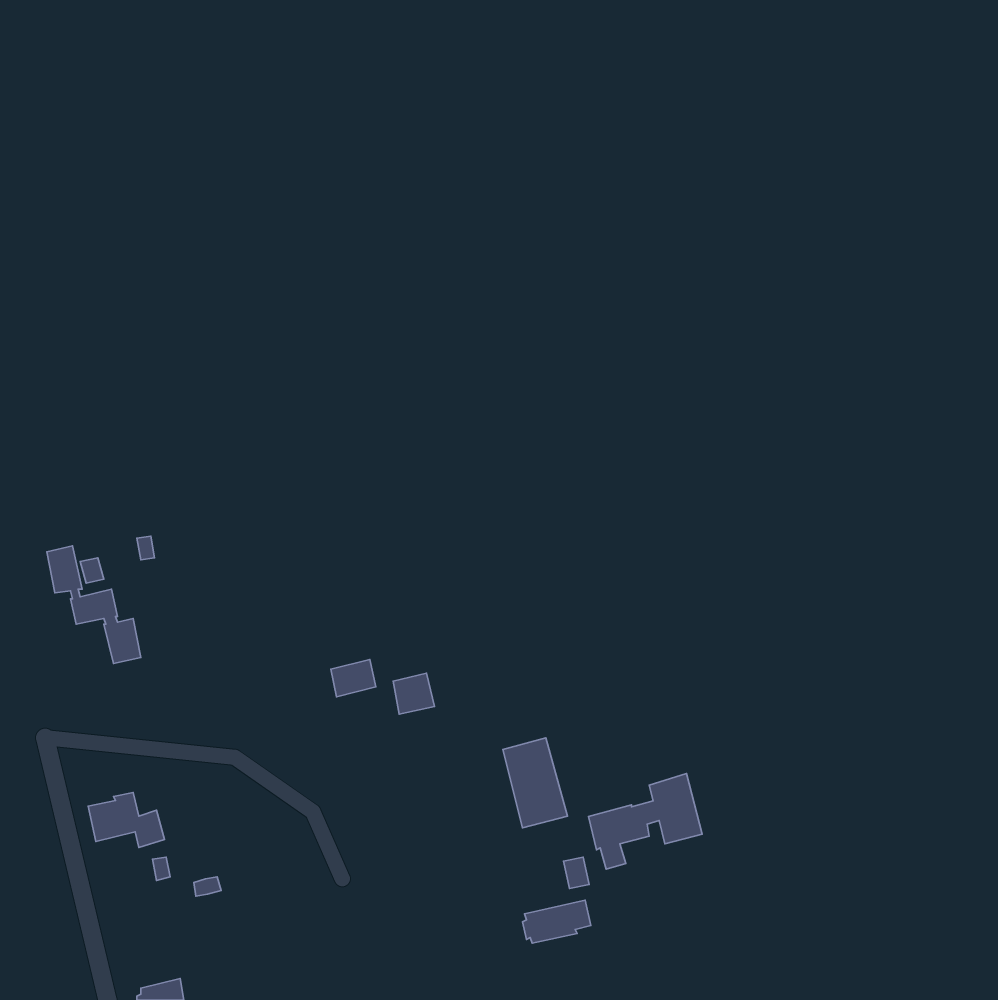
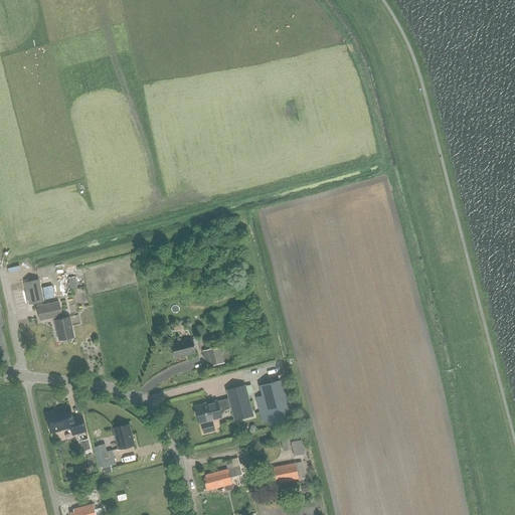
building: [589,773,702,869] -> [194,384,252,434]
building: none -> [113,424,134,450]
building: none -> [202,467,240,491]

